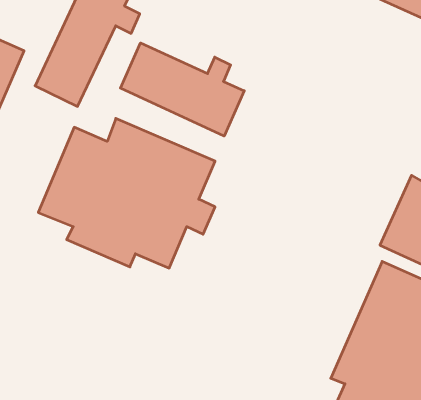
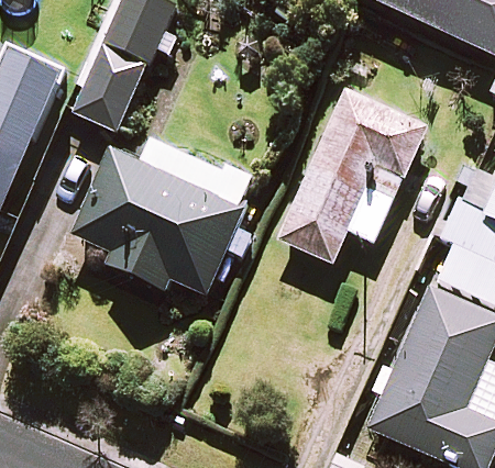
building: [120,43,244,136] -> none
building: none -> [280,91,425,260]

